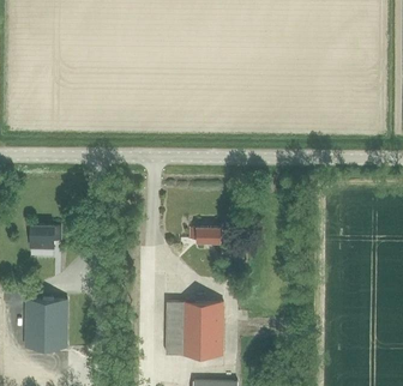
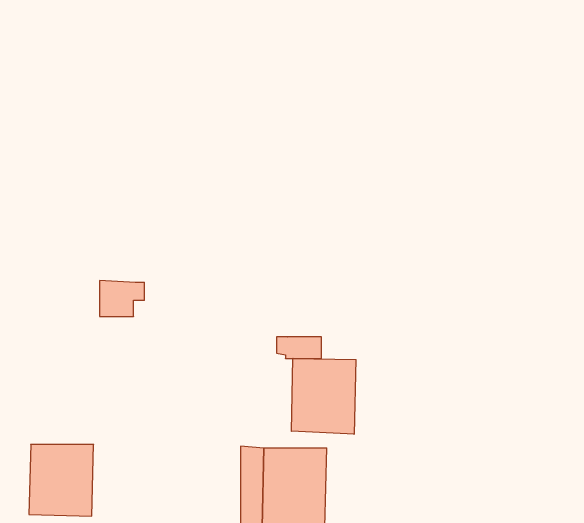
building: [30,225,60,249] -> [100,281,144,316]
building: none -> [291,358,356,434]

